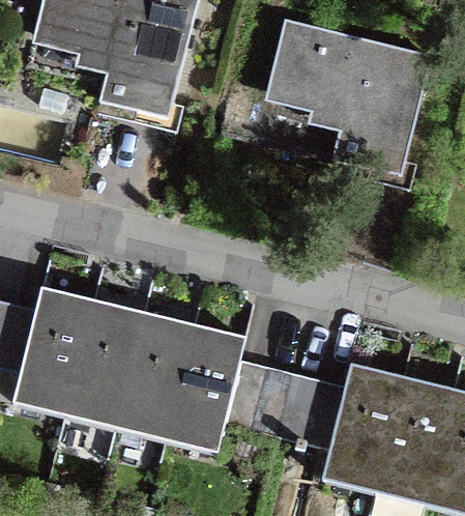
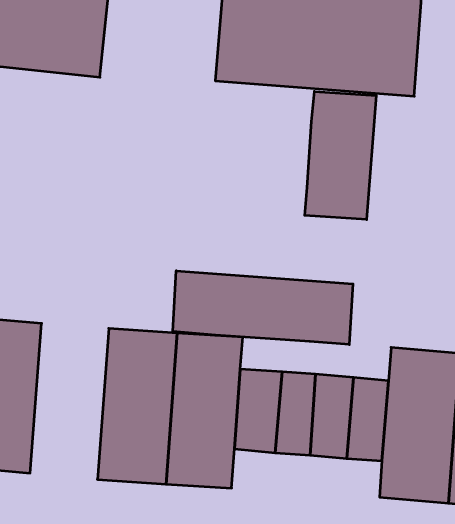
building: none -> [305,91,376,220]
building: none -> [173,271,353,345]
building: [65,298,143,423] -> none

